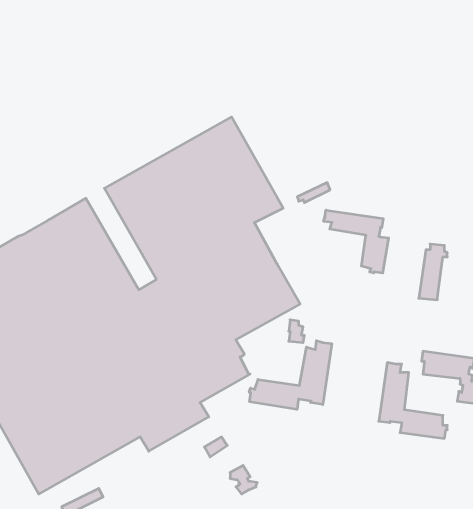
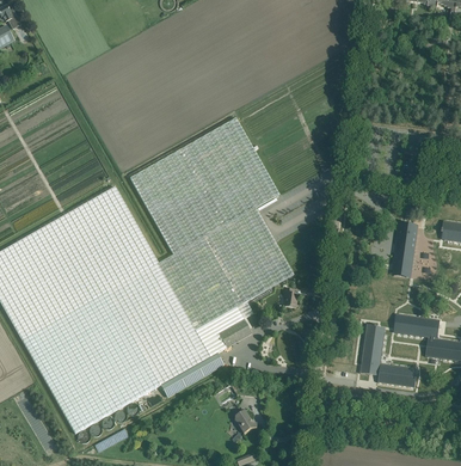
building: [324,210,389,273] -> none
building: [249,341,332,409] -> none

